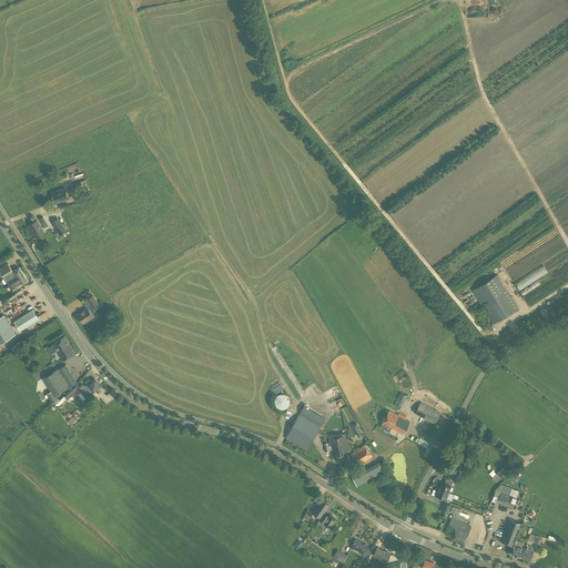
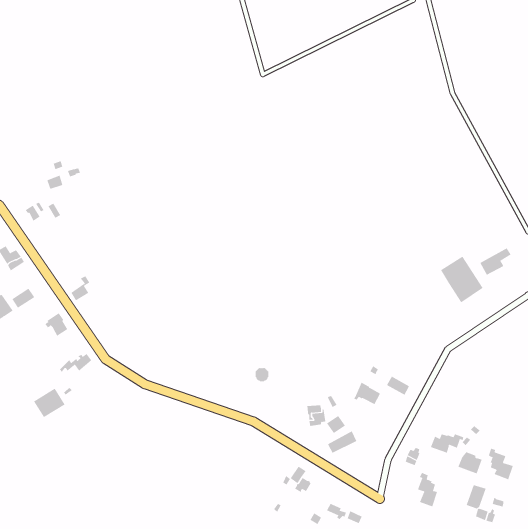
building: [41,364,75,396] -> [33,388,65,418]
building: [284,406,324,450] -> none
building: none -> [430,434,464,454]
building: none -> [488,448,514,480]

